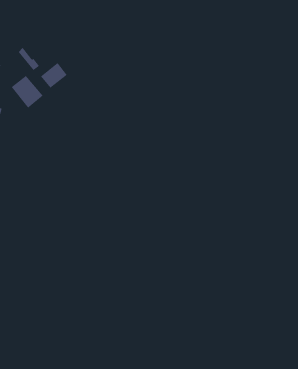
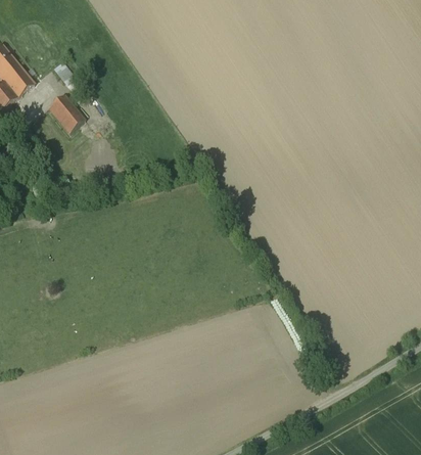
building: [40,62,68,89] -> none

